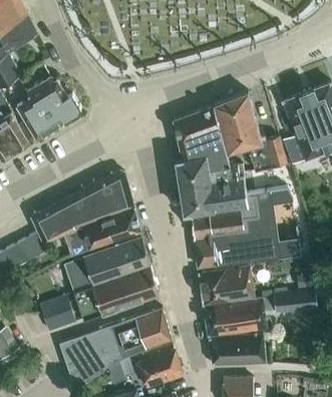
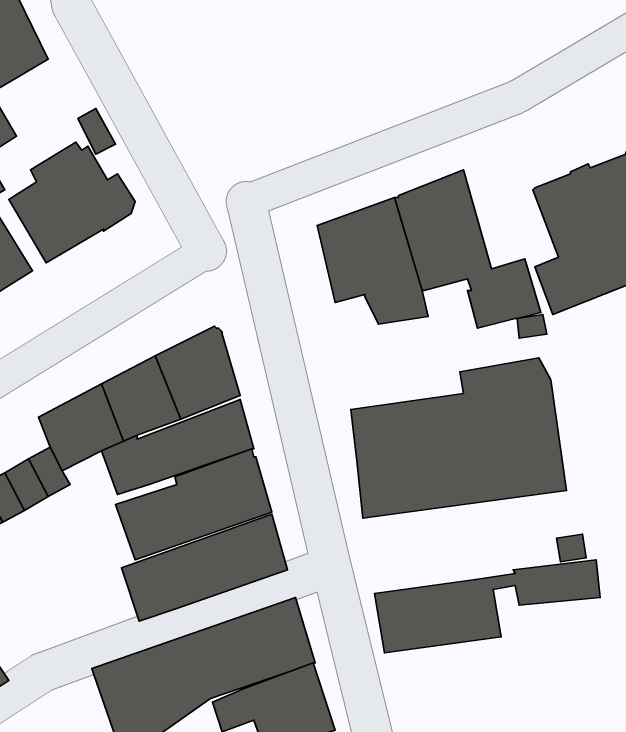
building: [181,156,247,214] -> none
building: [198,267,253,306] -> none
building: [42,304,75,332] -> none
building: [208,333,264,367] -> none

